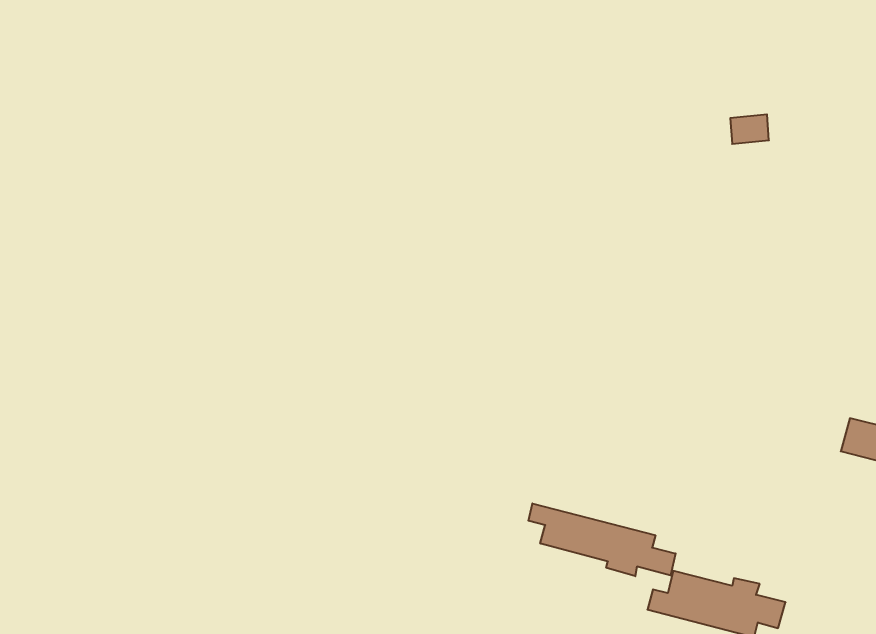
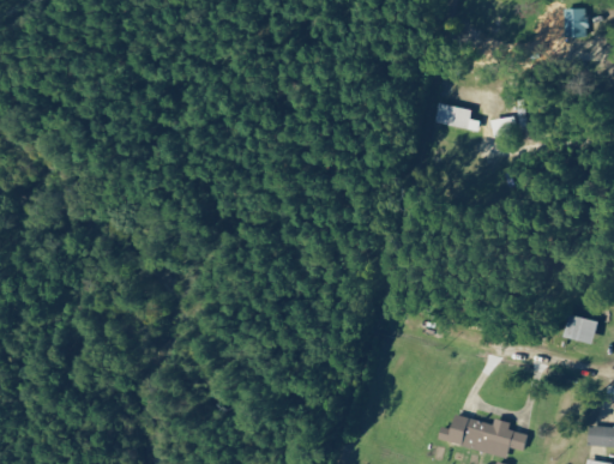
building: none -> [432,102,480,132]
building: [528,503,676,576] -> none

